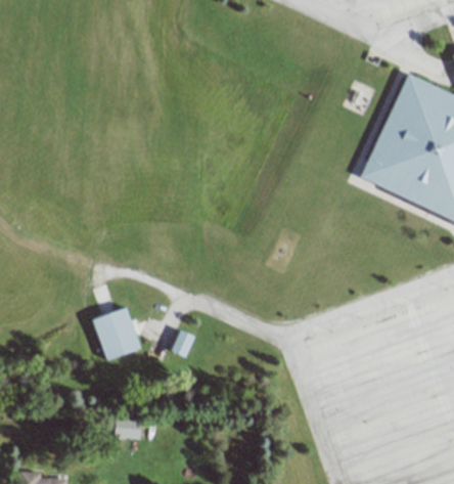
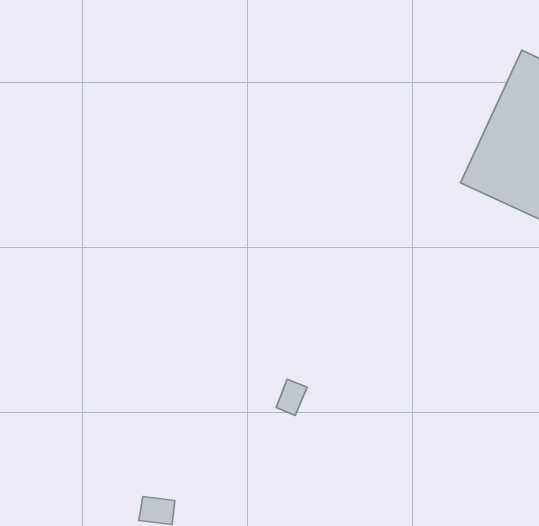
building: [93,308,141,360] -> none
building: [172,329,195,357] -> [276,379,307,415]

